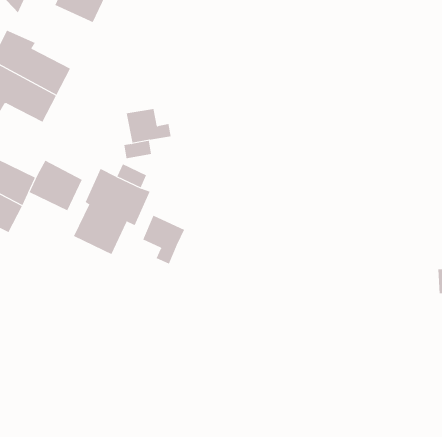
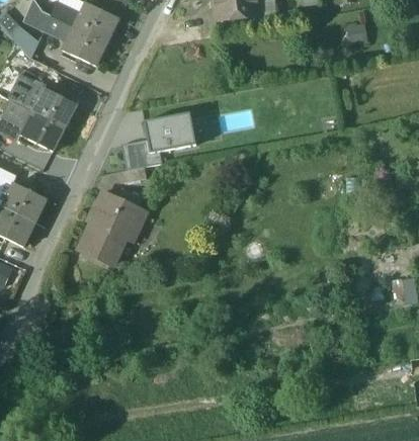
building: none -> [147,114,197,154]
building: [29,160,83,211] -> none
building: [142,215,185,265] -> none

